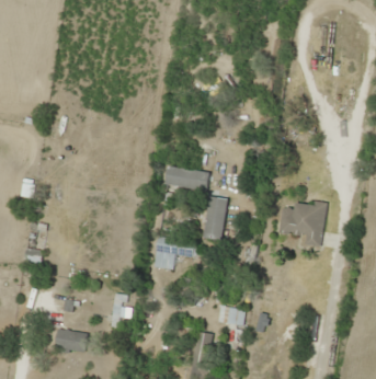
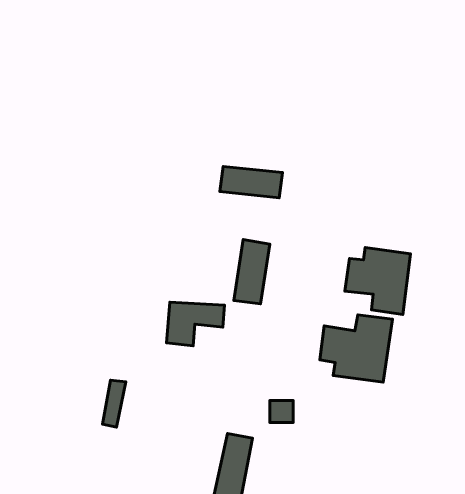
building: [164,166,208,188] -> [220,166,282,198]
building: none -> [320,315,392,382]
building: [56,330,84,349] -> none

